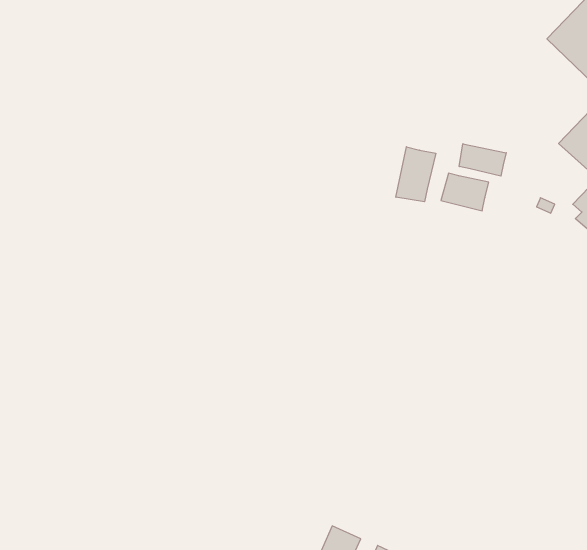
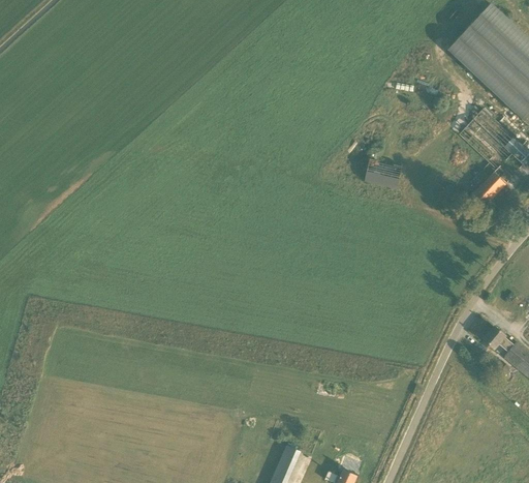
building: [459,144,506,176] -> none
building: [396,147,436,202] -> none

